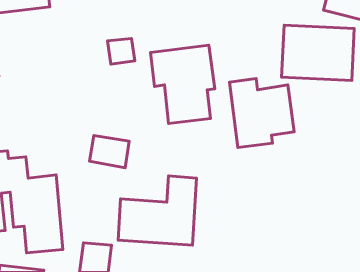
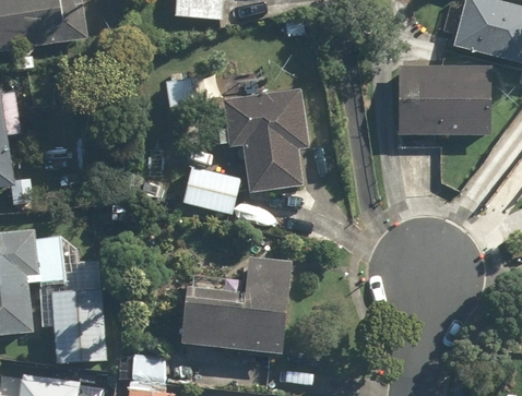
building: [230,79,294,147] -> none
building: [90,135,129,168] -> [186,168,238,211]

